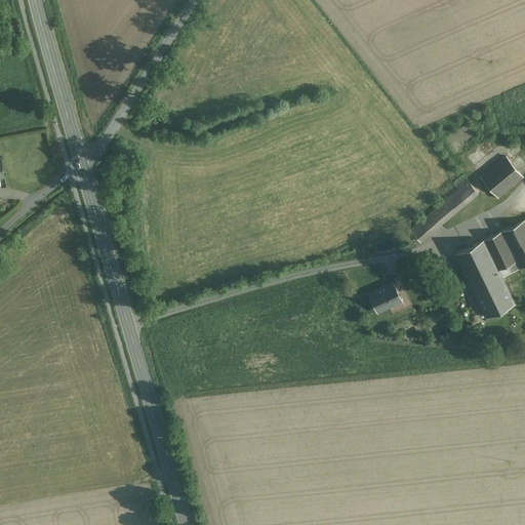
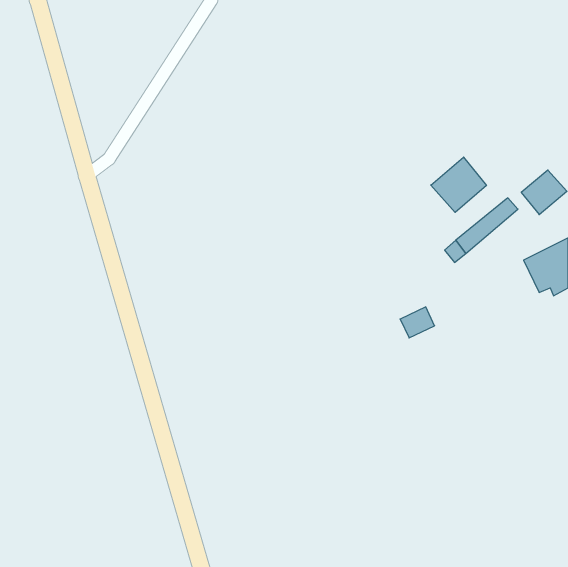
building: none -> [431,157,486,212]
building: [455,241,514,318] -> none

